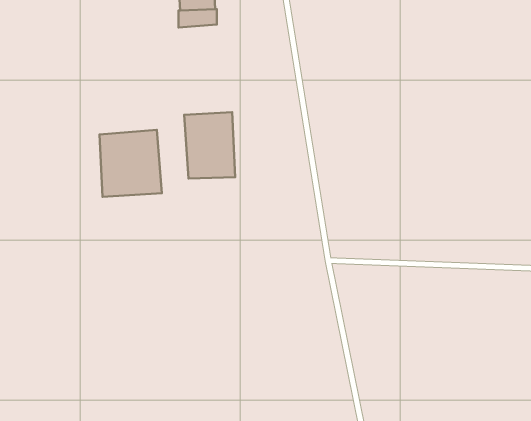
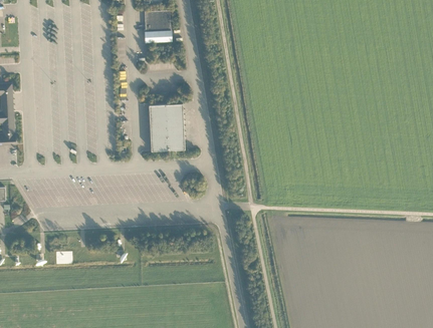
building: [100,130,162,197] -> none

